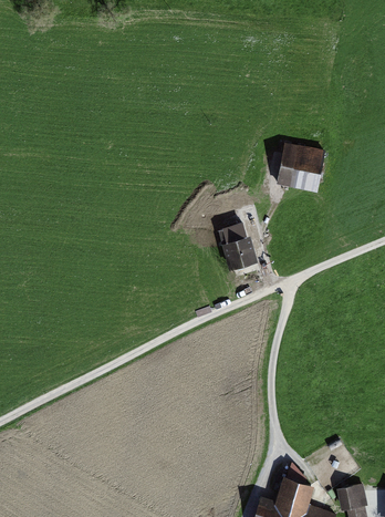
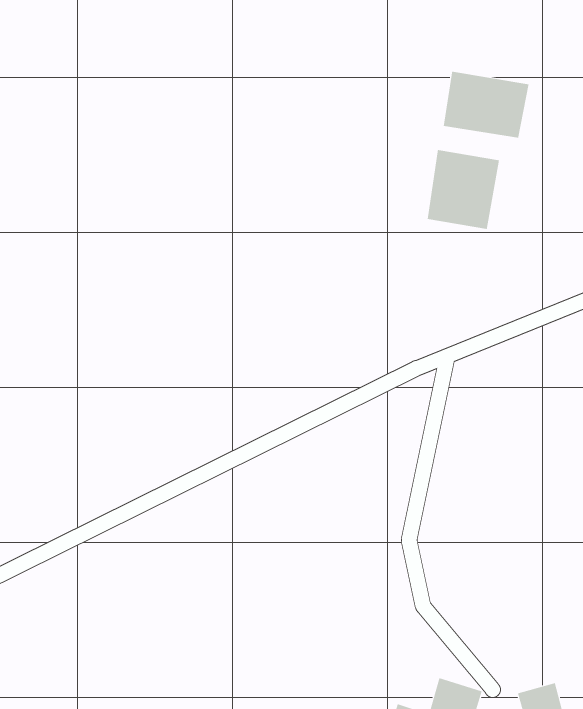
building: none -> [443,71,529,139]
building: [219,223,258,273] -> none

